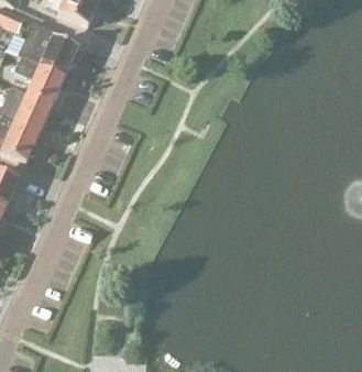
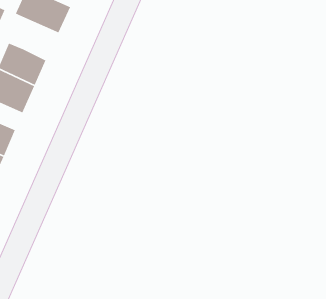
building: [14,56,64,103] -> none

